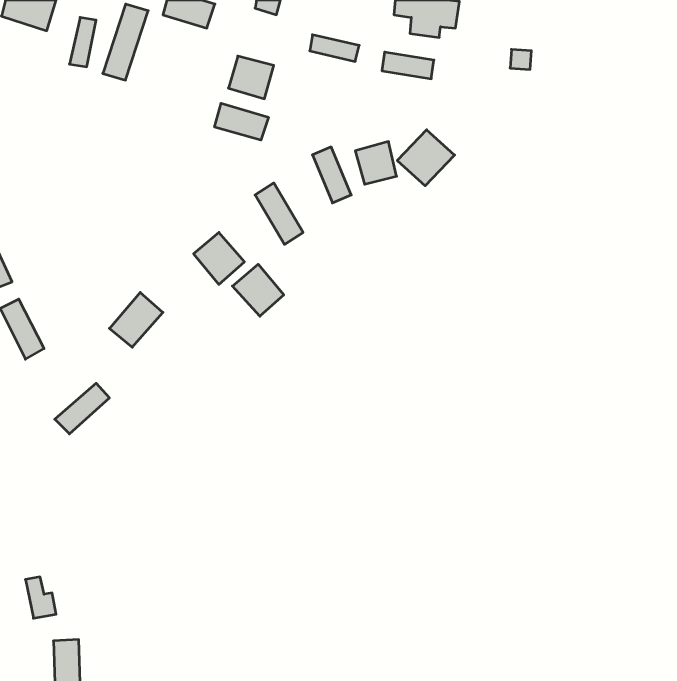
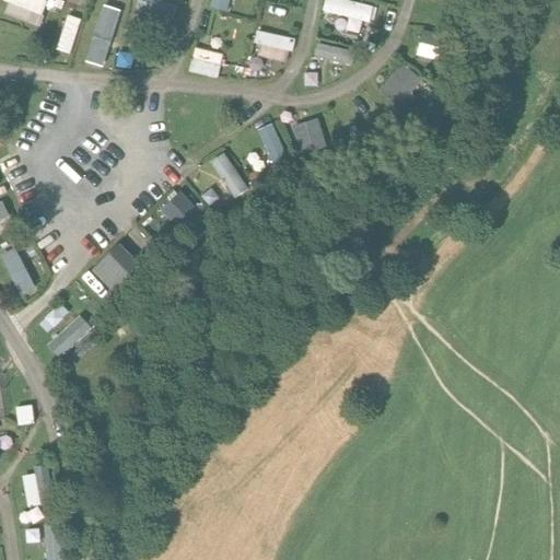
building: [215,103,268,140] -> none
building: [397,130,455,186] -> [378,62,425,108]
building: [232,264,284,316] -> none

